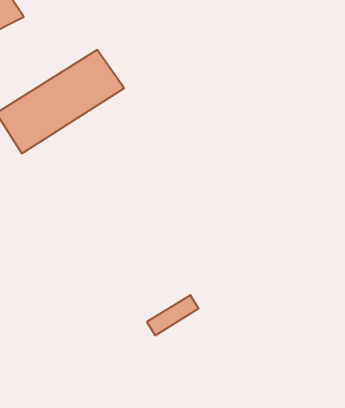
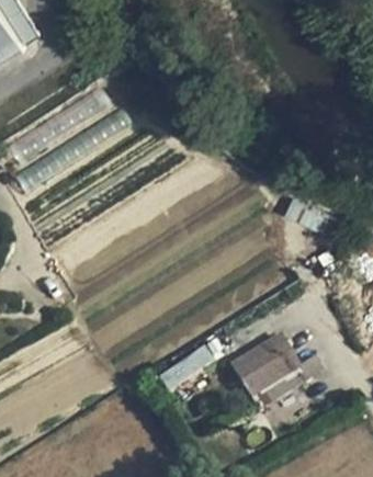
building: none -> [233,332,326,408]

